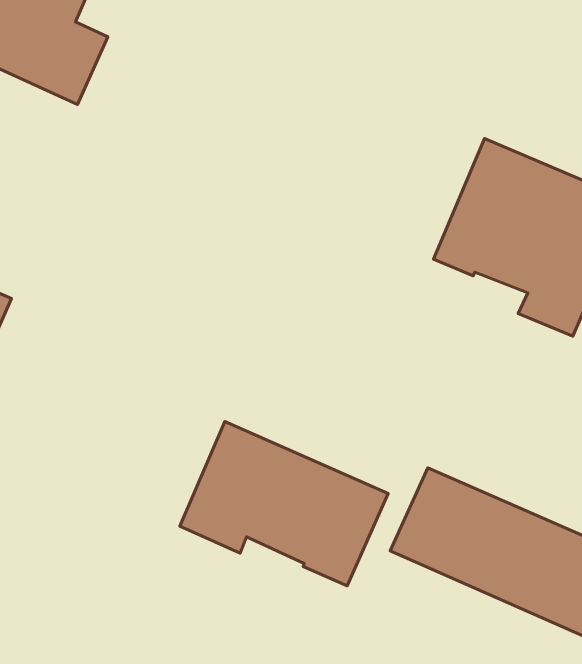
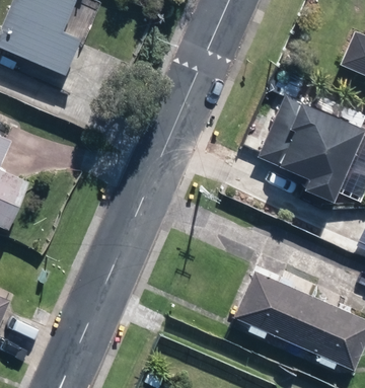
building: [180,421,388,586] -> none

